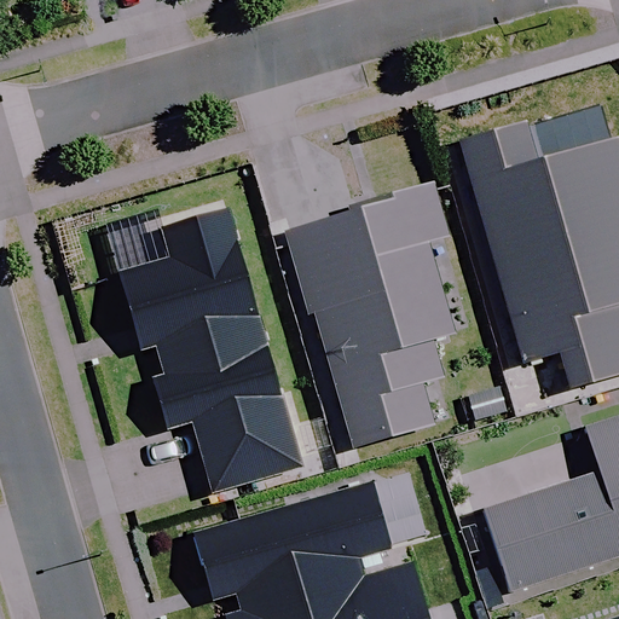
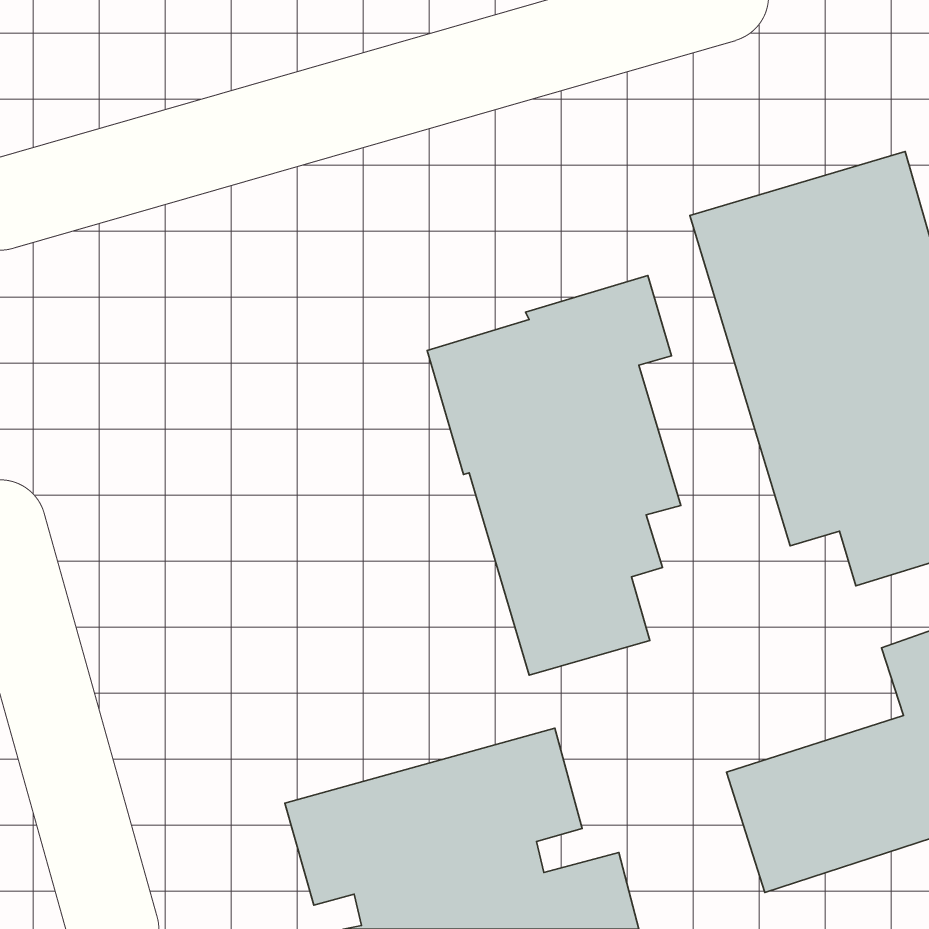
building: [120,210,301,493] -> none

